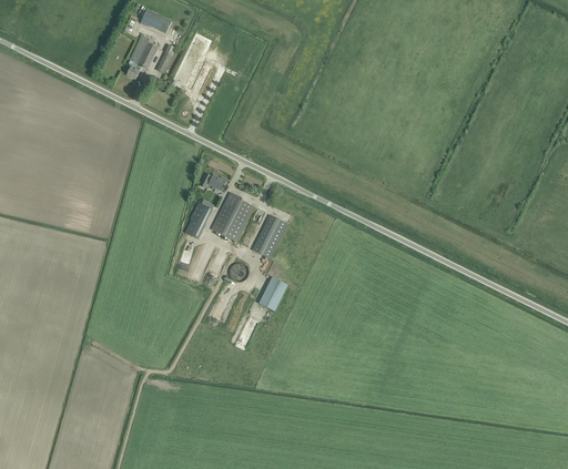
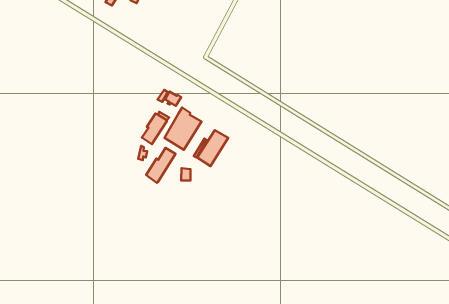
building: none -> [146,148,175,183]
building: [257,277,286,312] -> none

